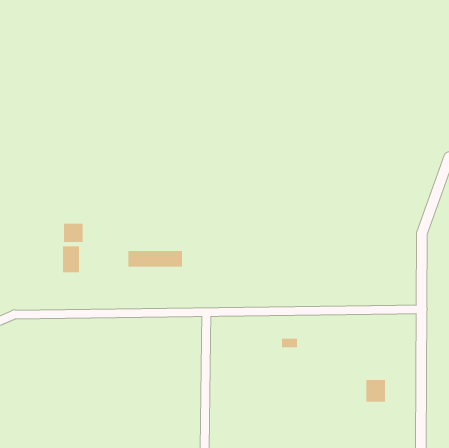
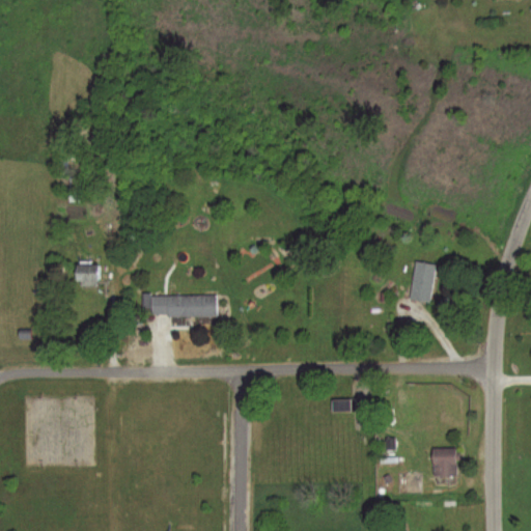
building: none -> [410,260,438,303]
building: [63,246,80,273] -> none

